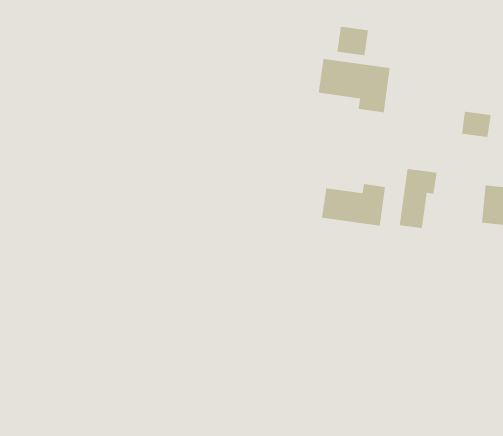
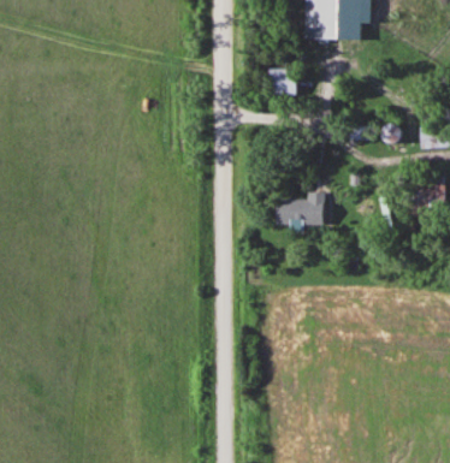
building: [318,58,390,113] -> none
building: [399,168,437,229] -> none

